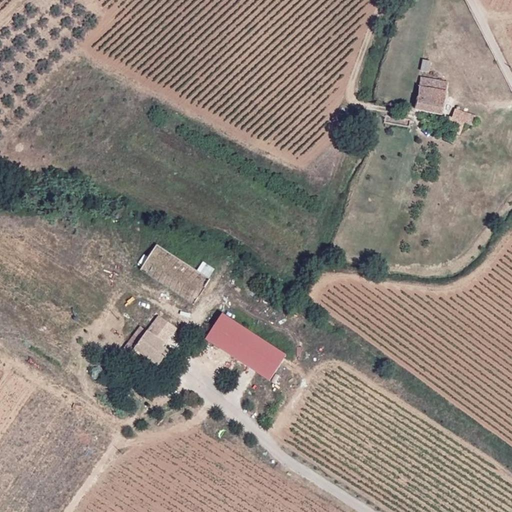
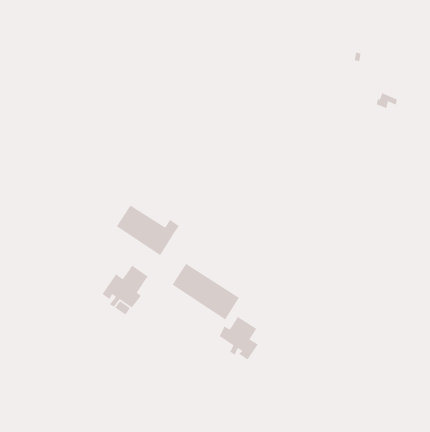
building: [413,78,444,116] -> none
building: none -> [219,316,259,361]

